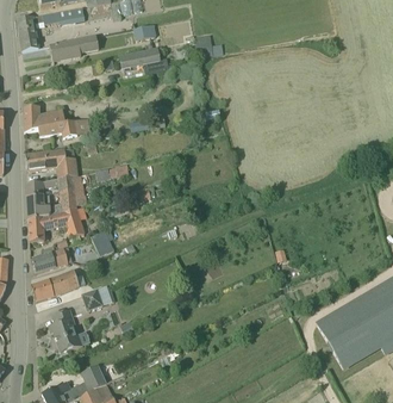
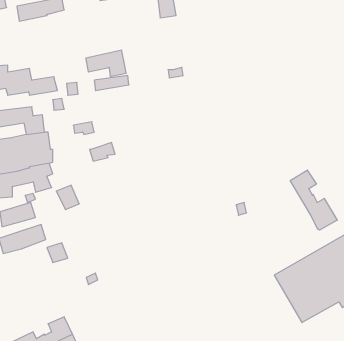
building: [119,45,161,73] -> [86,50,126,77]
building: none -> [290,170,337,230]
building: [49,309,87,351] -> none

